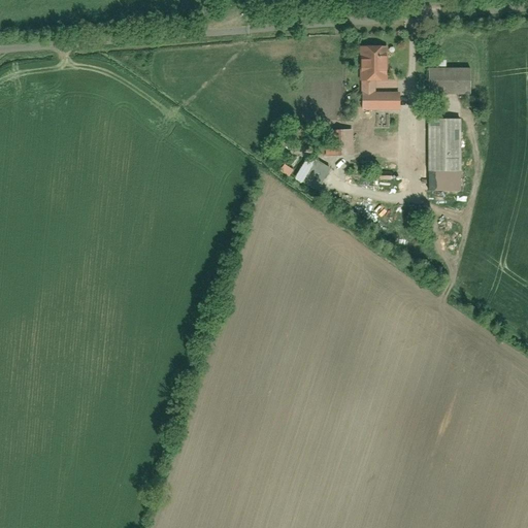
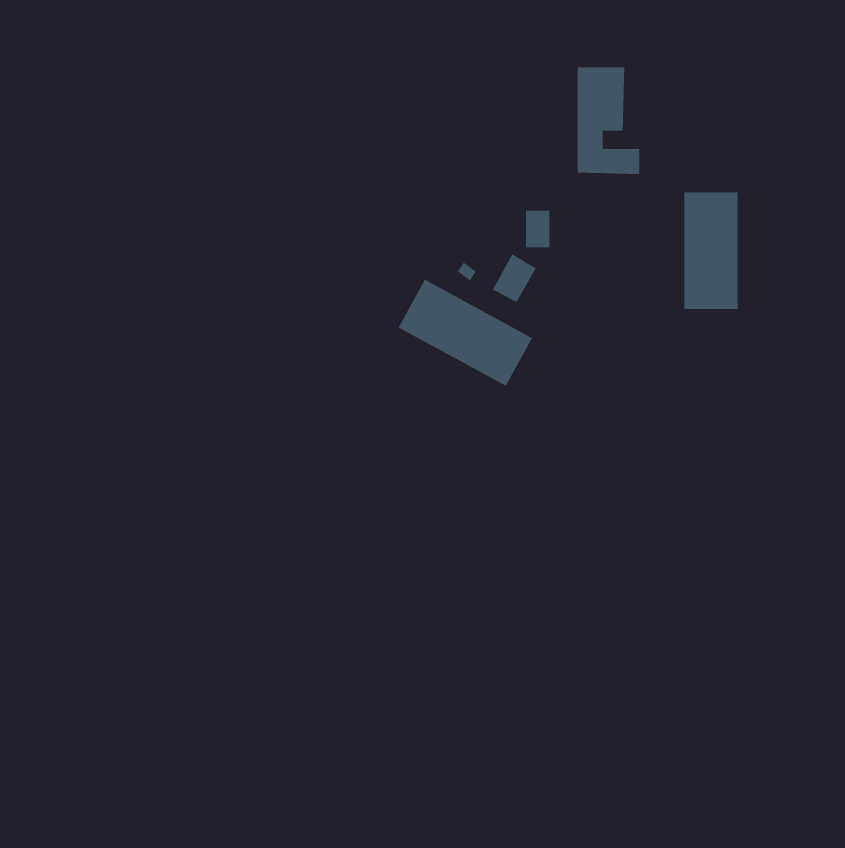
building: [426,60,472,95] -> none
building: none -> [398,278,533,387]

